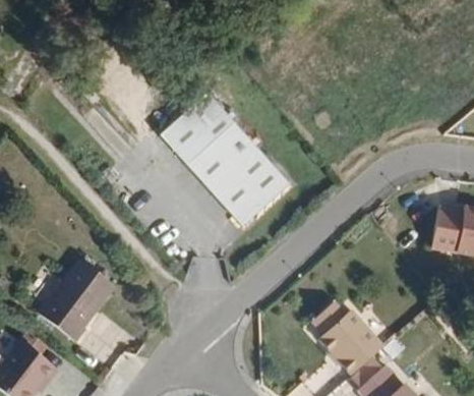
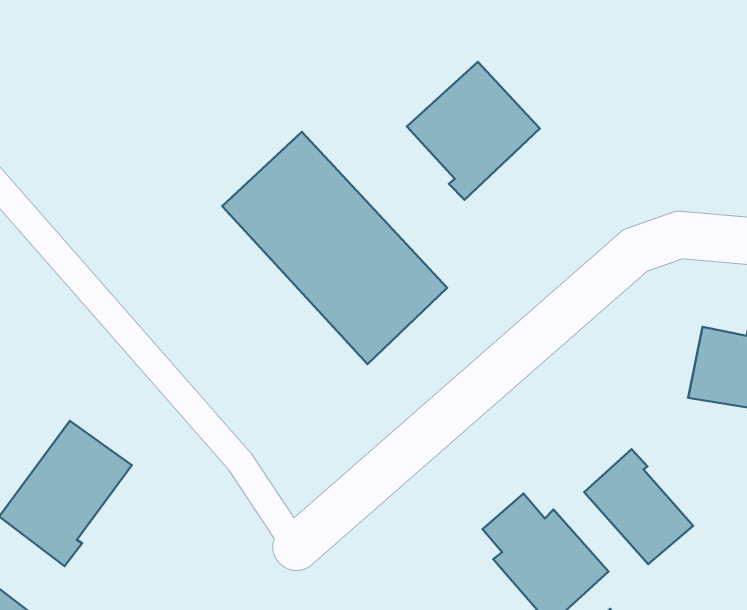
building: none -> [407,62,540,200]
building: none -> [584,449,693,564]

